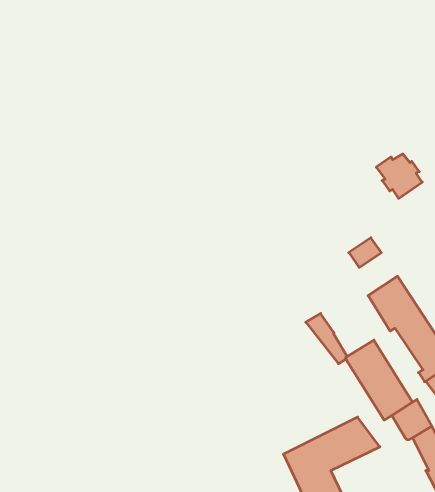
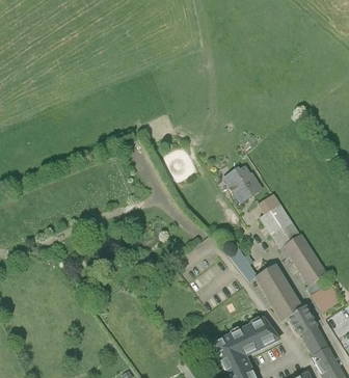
building: [376,154,422,198] -> [227,167,260,198]
building: none -> [261,204,292,234]

